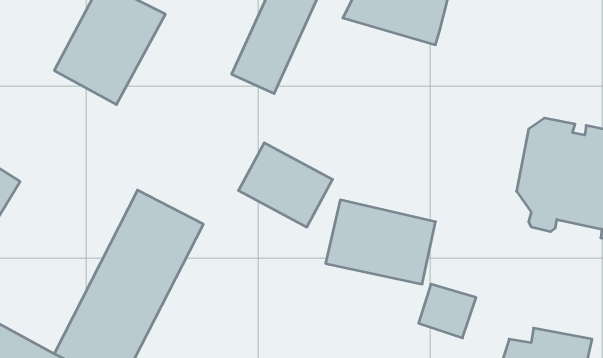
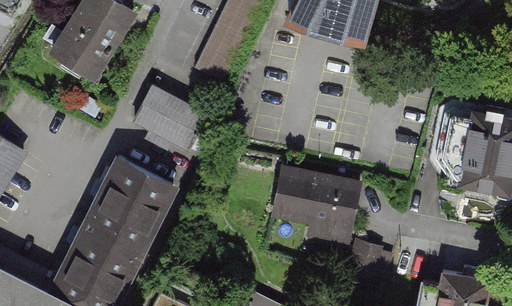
building: [238,143,333,227] -> [131,85,208,154]

